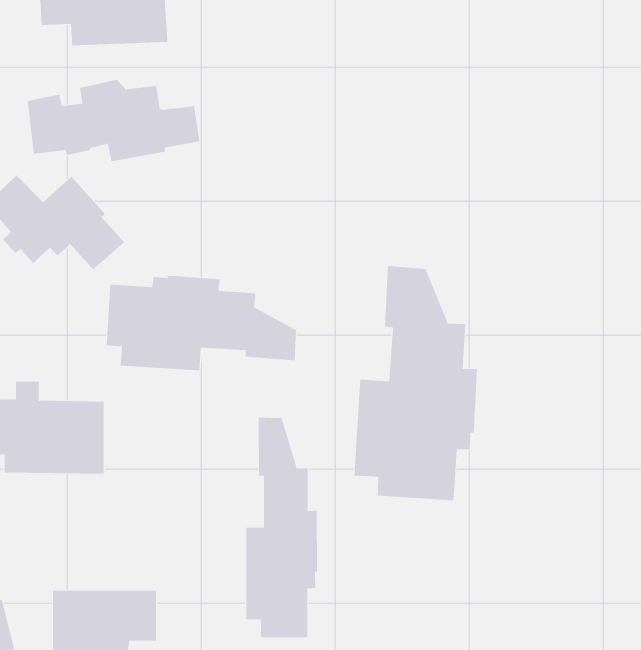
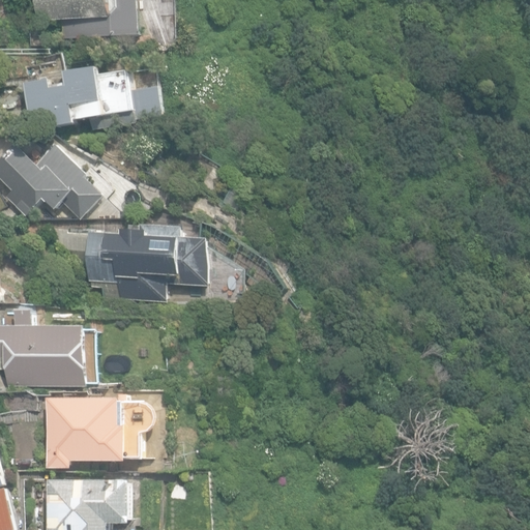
building: [354,265,478,501] -> none
building: [246,417,317,638] -> none
building: none -> [43,398,151,466]

